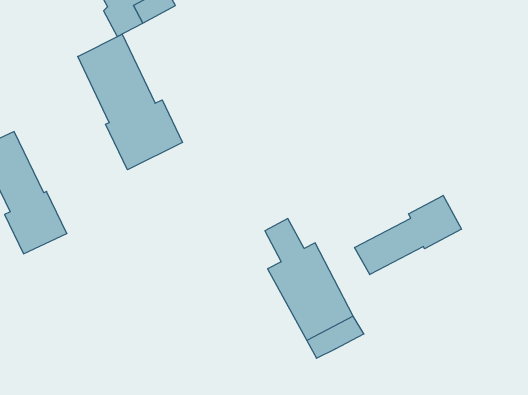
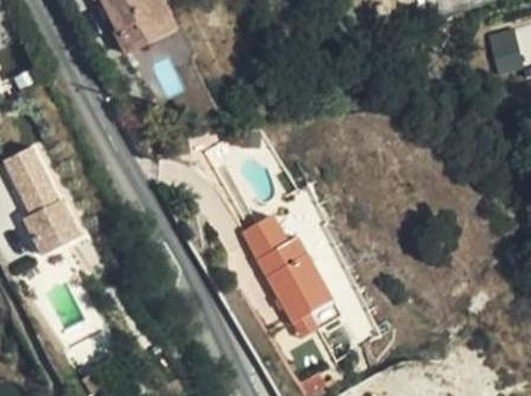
building: [78,34,183,170] -> none
building: [355,195,461,275] -> none

